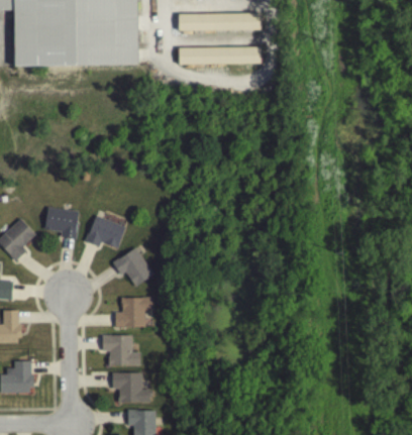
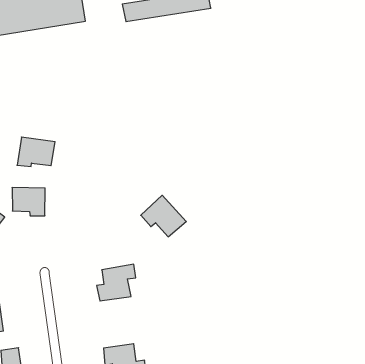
building: [86,216,125,247] -> [17,137,55,166]
building: [112,246,154,287] -> [141,195,186,237]
building: [101,335,139,365] -> none

